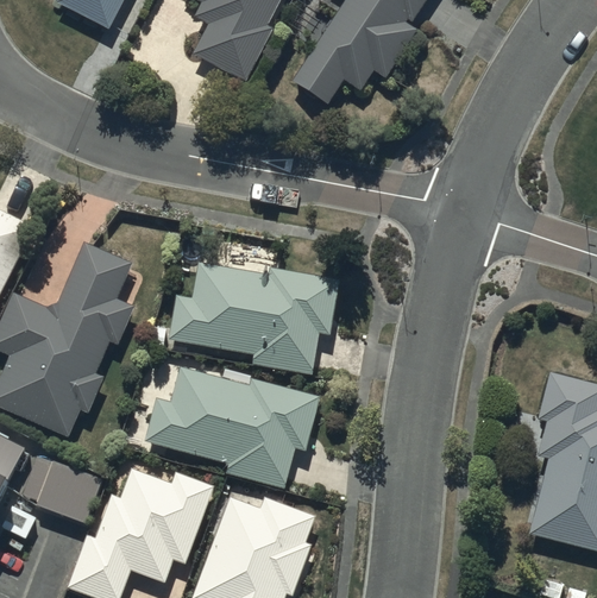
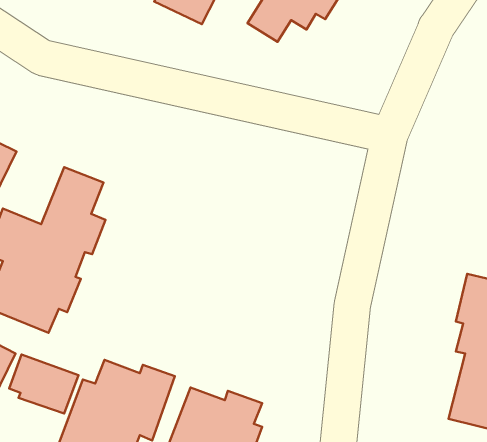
building: [171,265,341,374] -> none
building: [146,369,320,485] -> none

